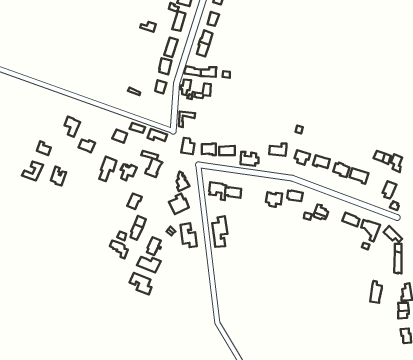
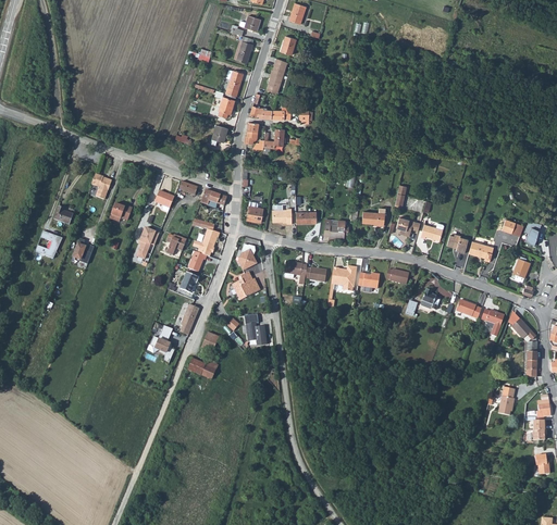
building: none -> [331,264,356,290]
building: [212,216,227,247] -> none
building: [130,273,152,295] -> none

